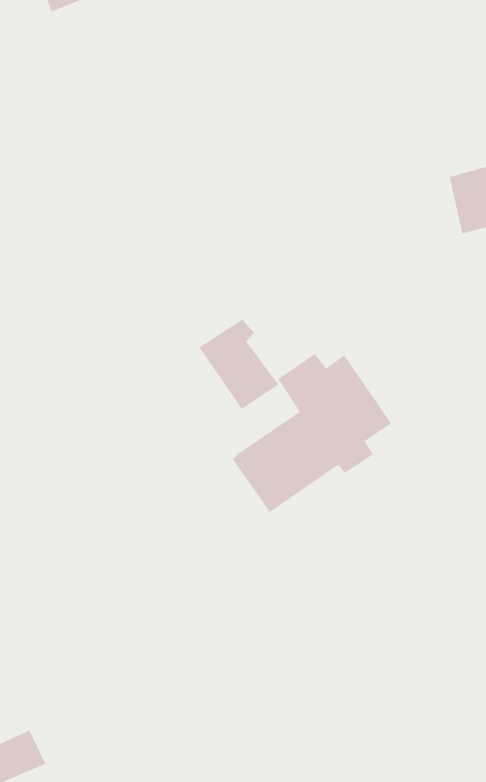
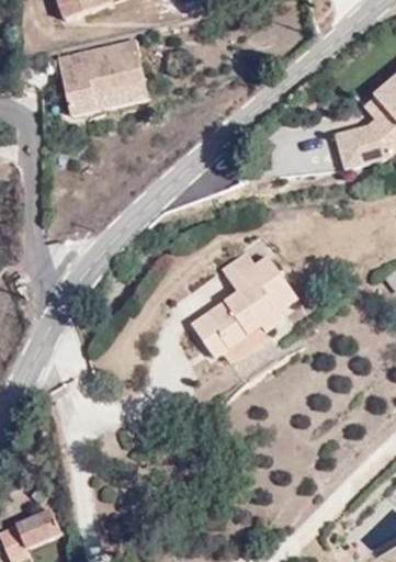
building: none -> [56,40,145,122]
building: [198,319,279,410] -> none

